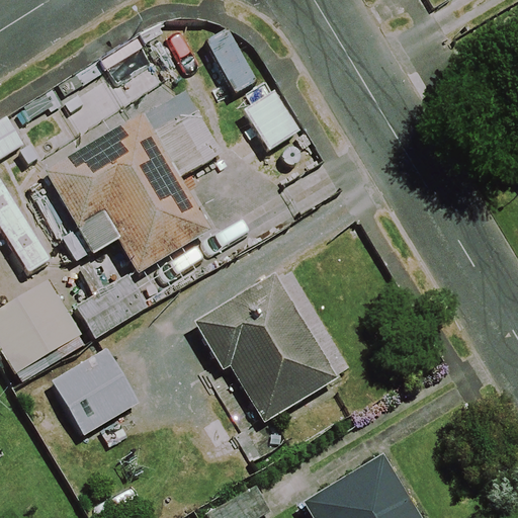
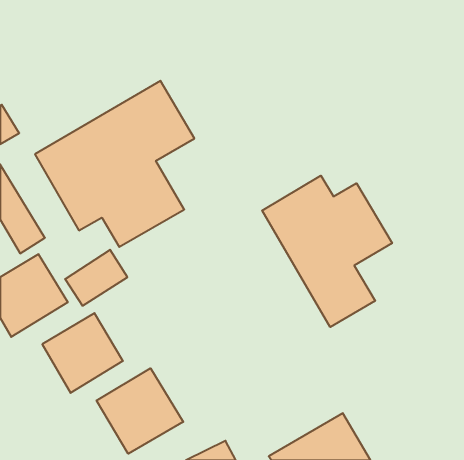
building: none -> [262,176,392,327]
building: [192,276,333,423] -> none
building: none -> [97,368,183,454]

